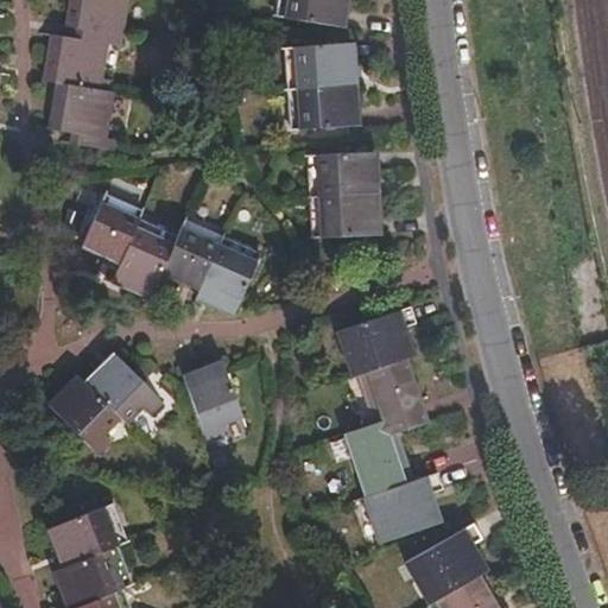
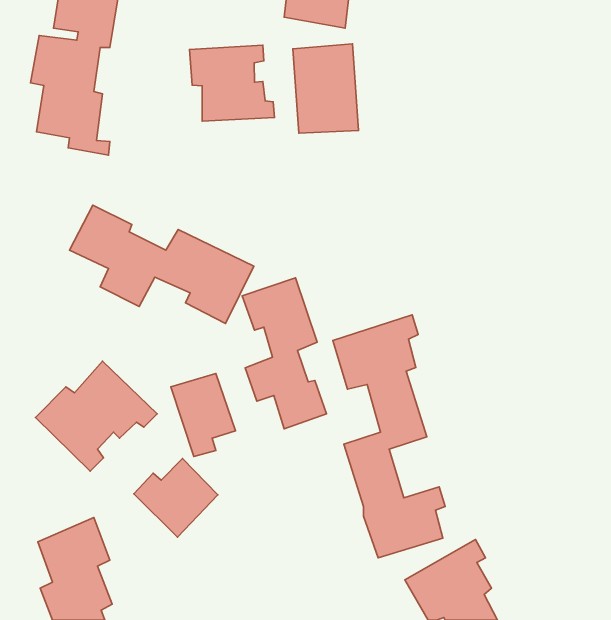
building: none -> [190,45,274,121]
building: [318,152,386,236] -> none
building: none -> [242,278,327,429]
building: none -> [134,459,218,537]

